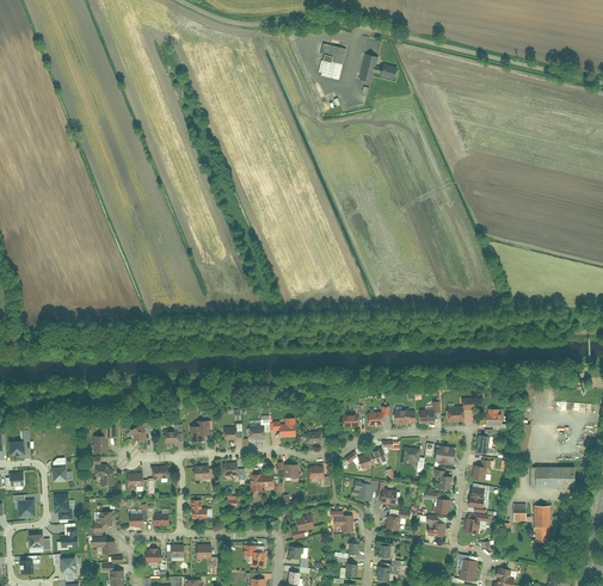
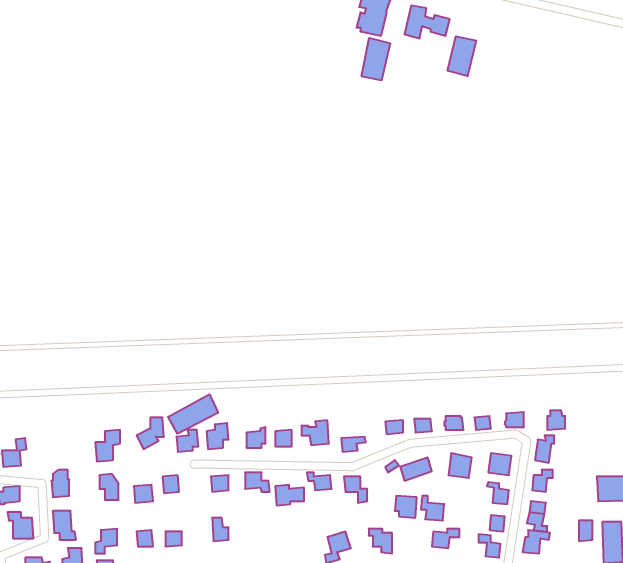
building: none -> [448,36,476,76]
building: none -> [362,38,390,80]
building: none -> [168,394,218,434]

